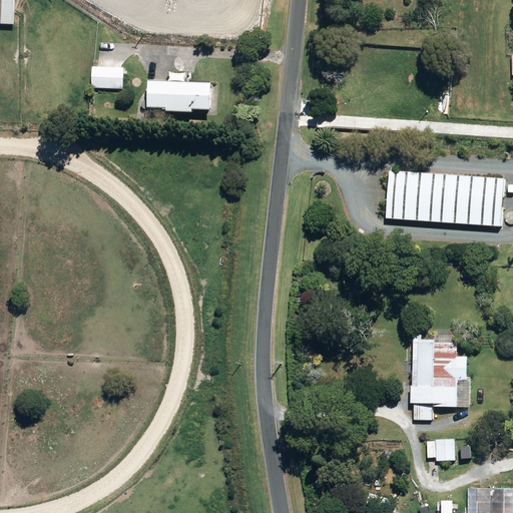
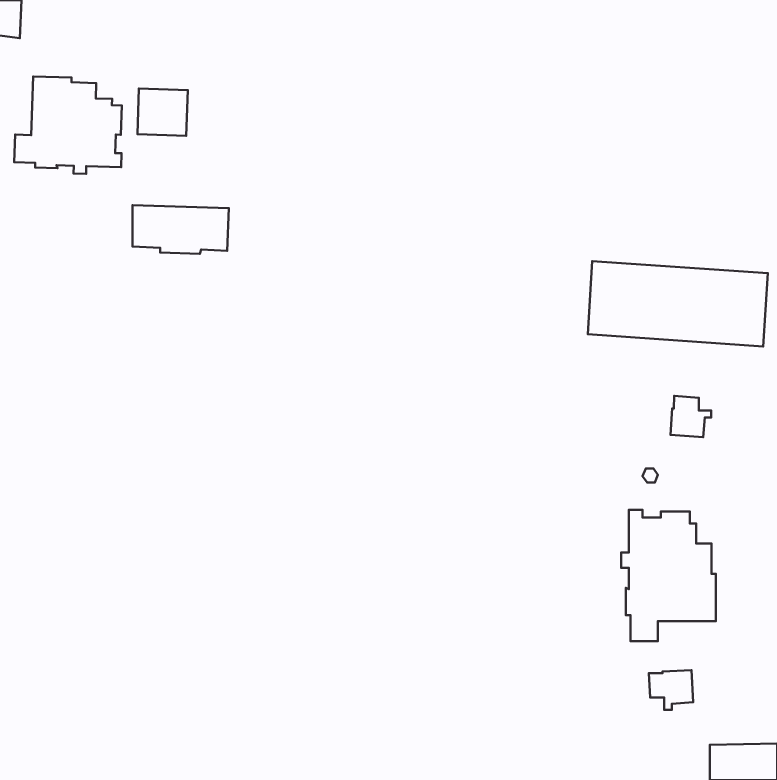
building: none -> [14,76,122,174]
building: [148,80,211,112] -> [133,205,229,254]
building: none -> [670,396,711,437]

